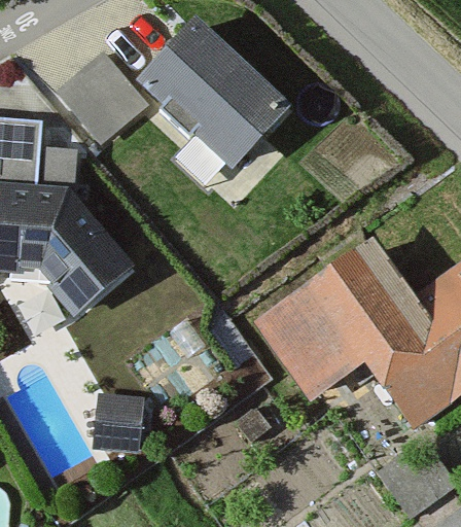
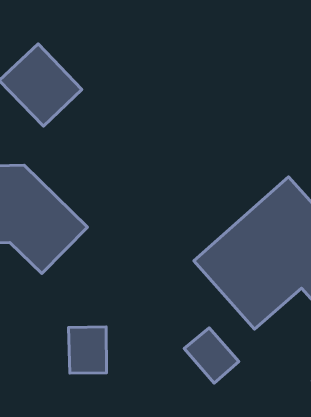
building: [136,19,292,172] -> none

